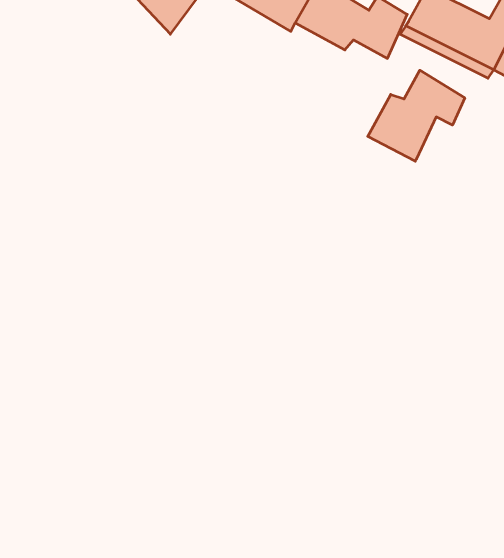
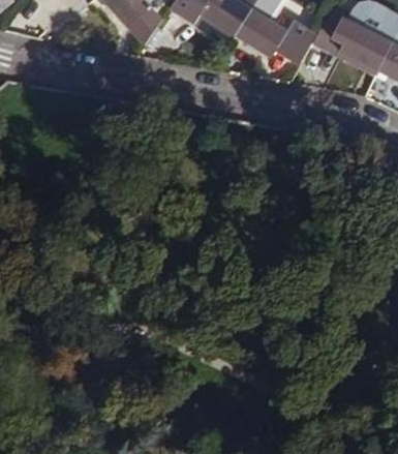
building: [368,70,465,161] -> none

